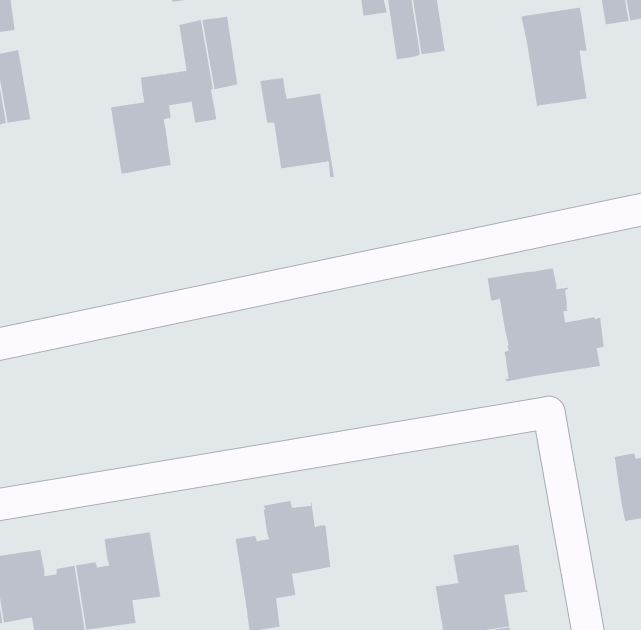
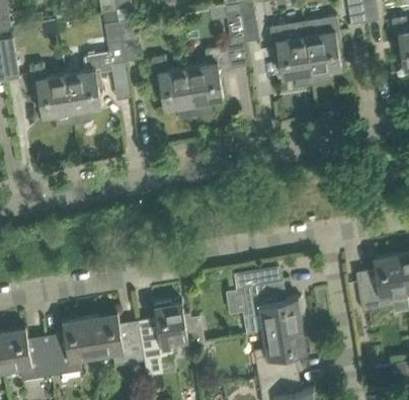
building: none -> [269,21,312,77]
building: none -> [187,47,231,113]
building: none -> [29,63,73,121]
building: [487,268,604,382] -> [236,268,304,334]
building: none -> [89,311,144,365]

